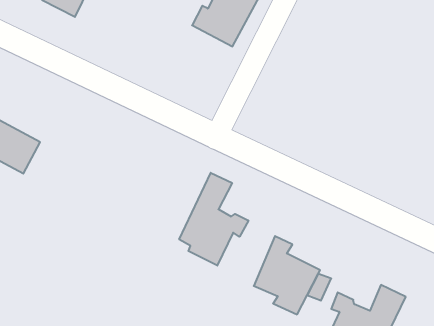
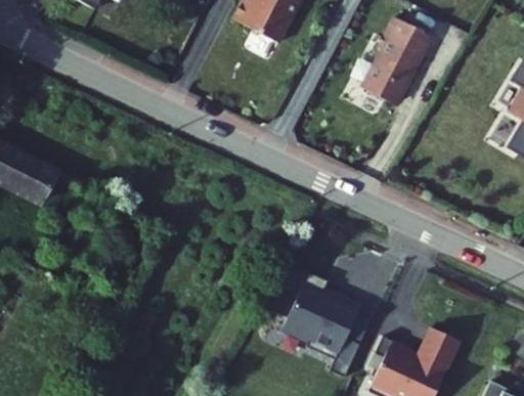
building: none -> [353,30,421,117]
building: [179,173,248,266] -> none

